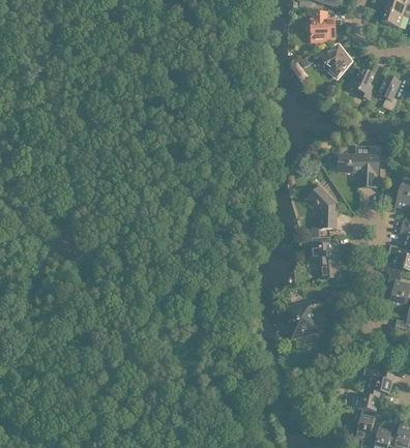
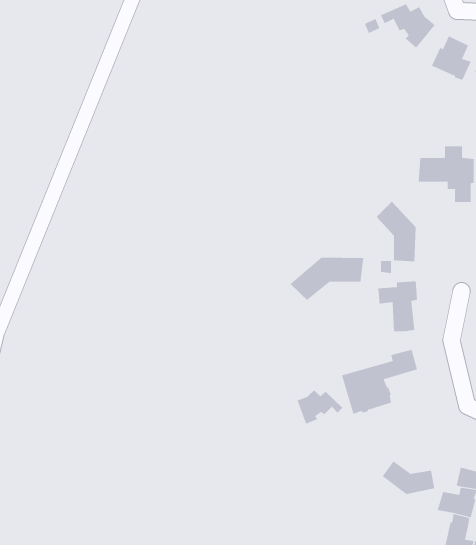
building: none -> [290,257,364,302]
building: none -> [297,389,343,424]
building: none -> [382,460,435,495]

